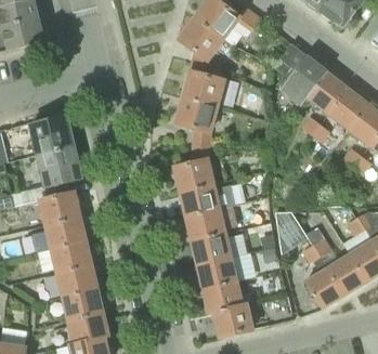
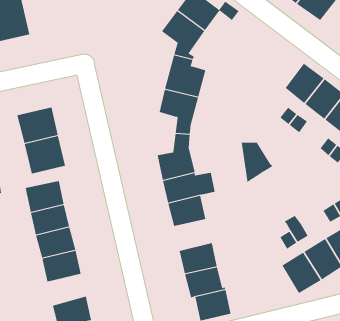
building: [275,43,327,104] -> none
building: [275,211,309,253] -> [241,142,273,183]
building: [193,232,233,264] -> none
building: [62,288,103,320] -> none

